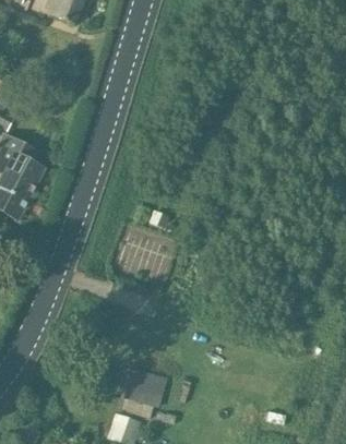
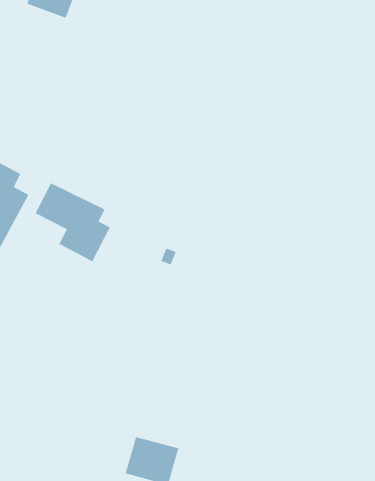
building: none -> [35,183,111,262]

